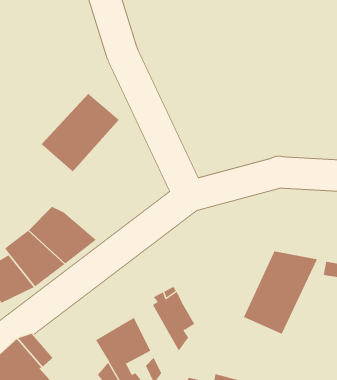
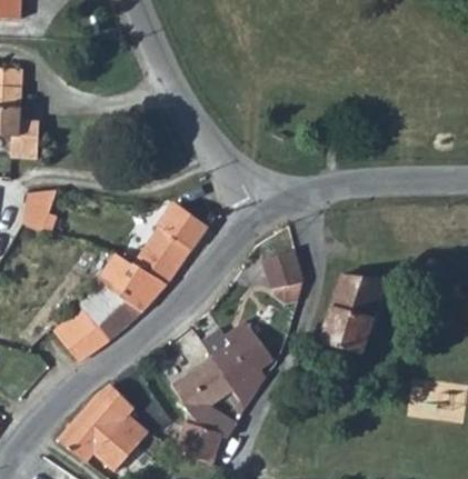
building: [41,93,119,172] -> [131,201,208,282]
building: none -> [265,240,306,282]
building: none -> [212,341,255,388]

